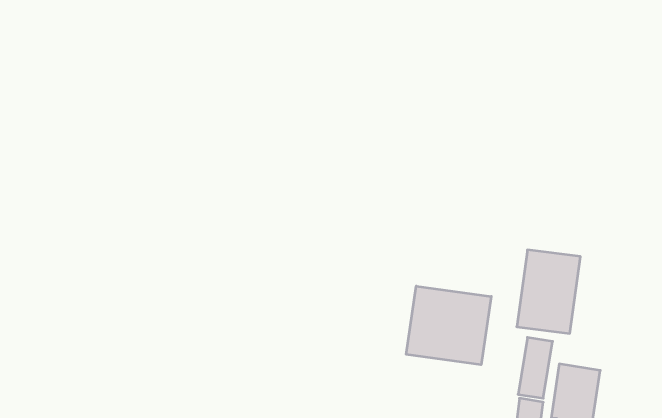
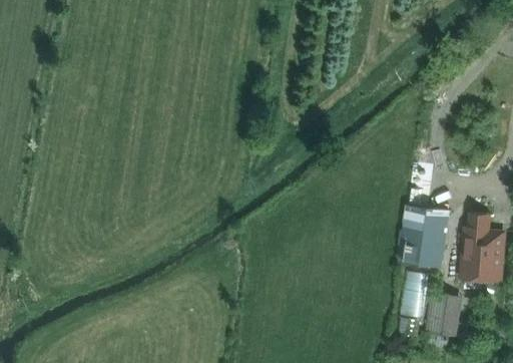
building: none -> [462,213,491,281]
building: [406,286,491,365] -> none

